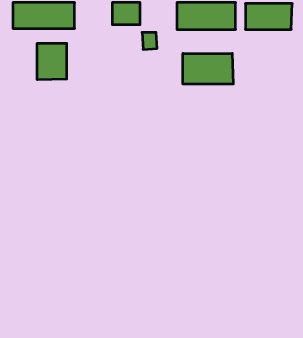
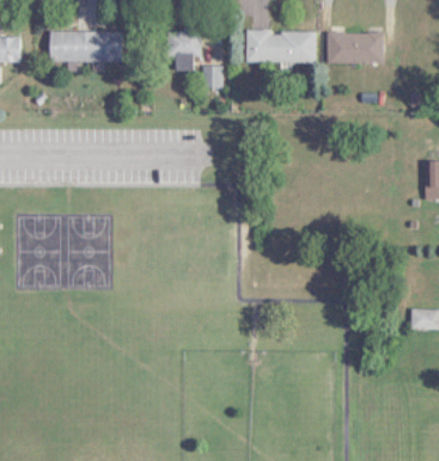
building: [37,43,67,80] -> none
building: [183,53,233,84] -> none

